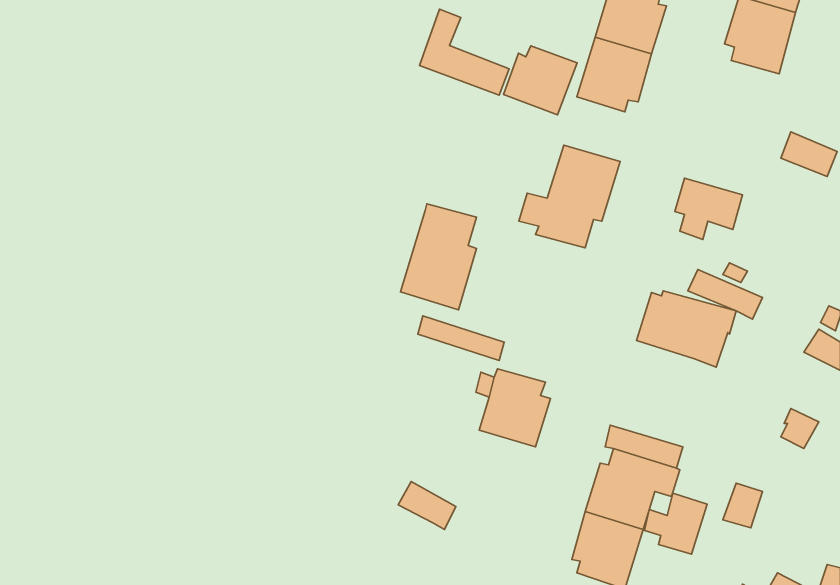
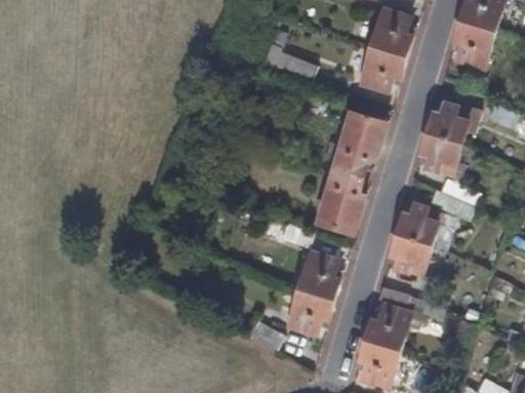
building: [504,46,577,115] -> none
building: none -> [426,102,473,144]
building: [400,204,477,310] -> [317,168,364,234]
building: none -> [389,234,432,273]
building: none -> [286,289,333,336]
building: [644,493,707,554] -> none

